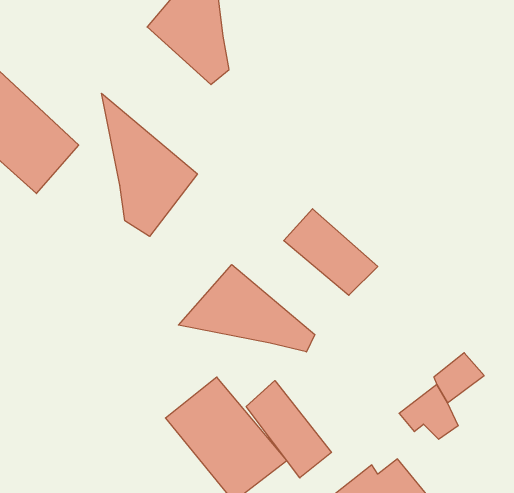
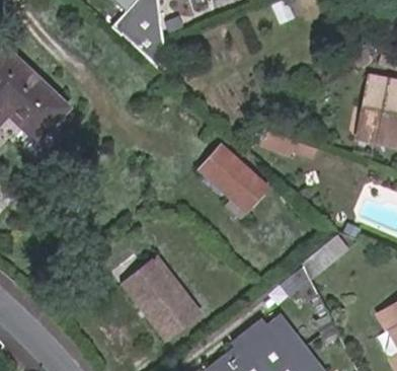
building: [102,93,197,236] -> none
building: [178,265,315,352] -> none
building: [246,381,331,478] -> none

